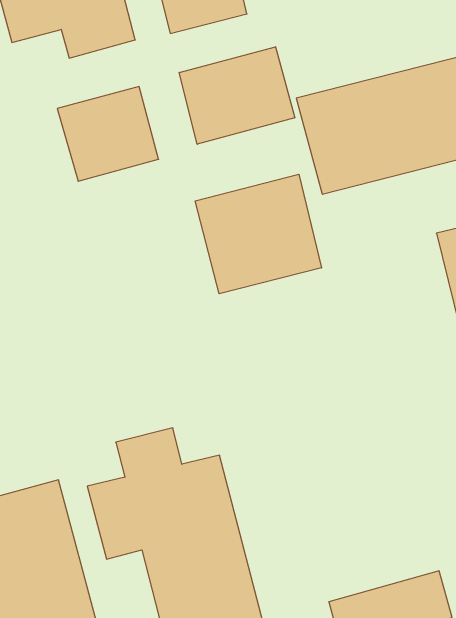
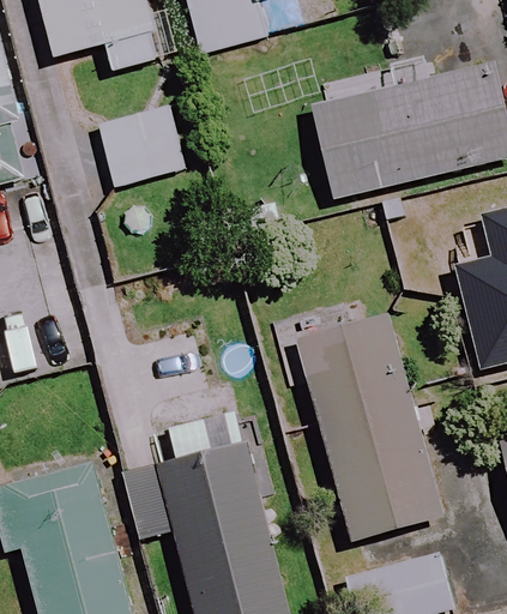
building: [179,47,295,144] -> none
building: [195,174,321,294] -> none
building: none -> [300,319,442,540]

